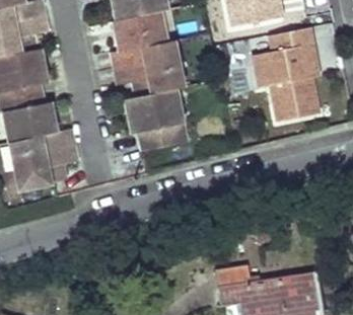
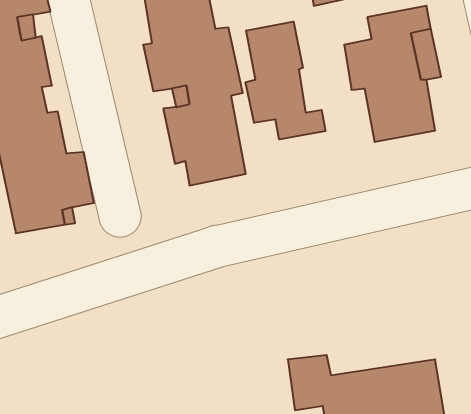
building: none -> [246,22,325,139]

